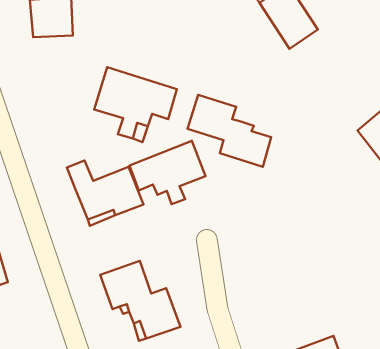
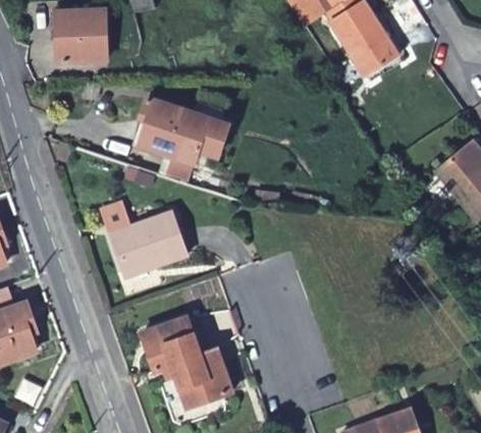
building: [187,95,271,167] -> none
building: [129,141,206,204] -> none

